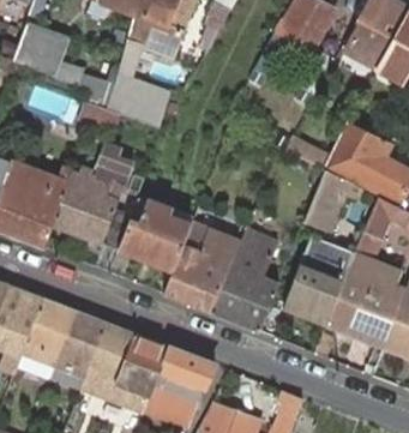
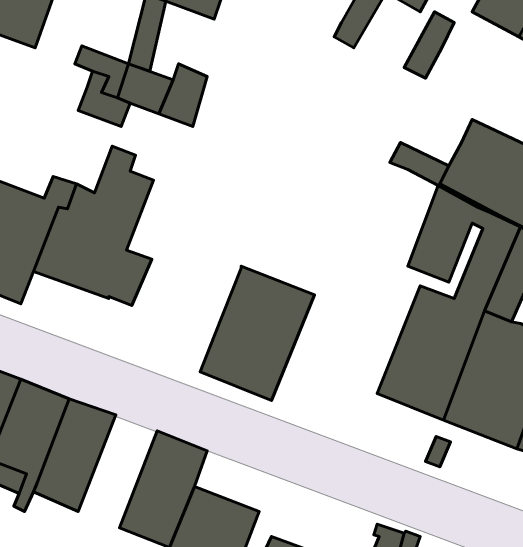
building: [119,198,192,269] -> none
building: [212,229,278,330] -> none
building: [83,321,136,397] -> none
building: [161,345,216,387] -> none

